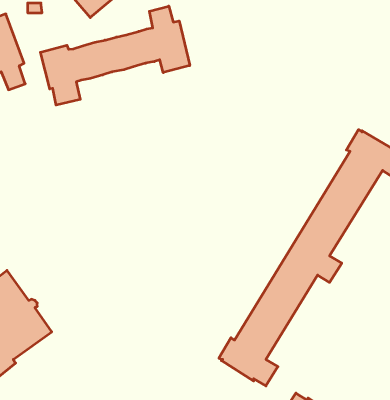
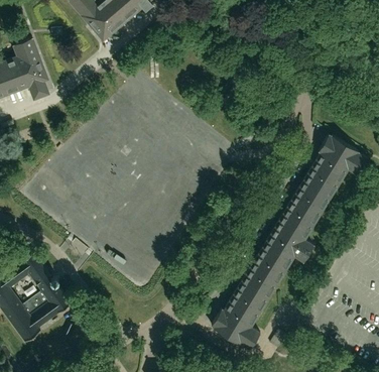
building: [40,6,190,105] -> none

